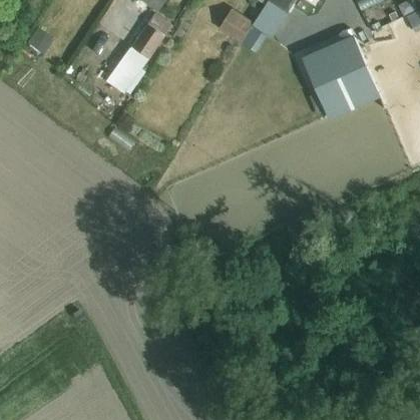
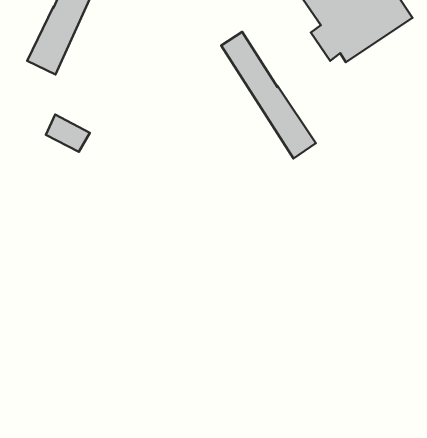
building: none -> [221,32,316,158]

